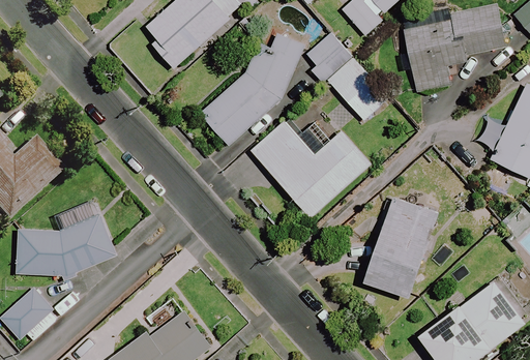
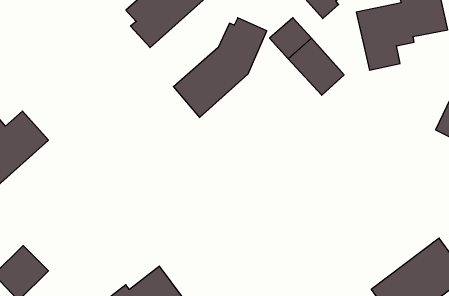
building: [251,121,370,217] -> none
building: [364,196,438,296] -> none
building: [17,213,117,276] -> none

